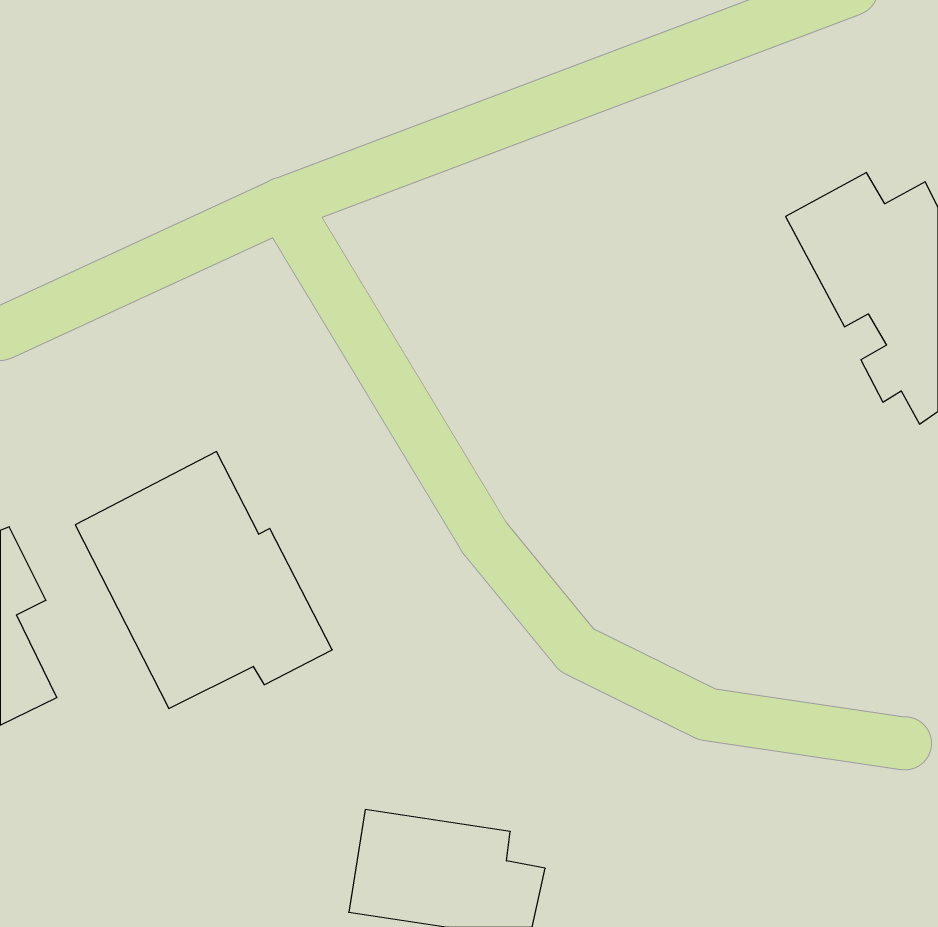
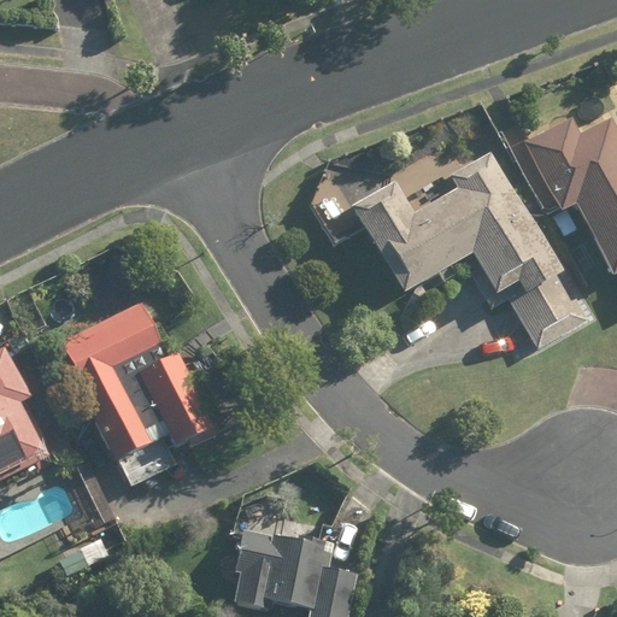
building: none -> [351,160,587,351]

